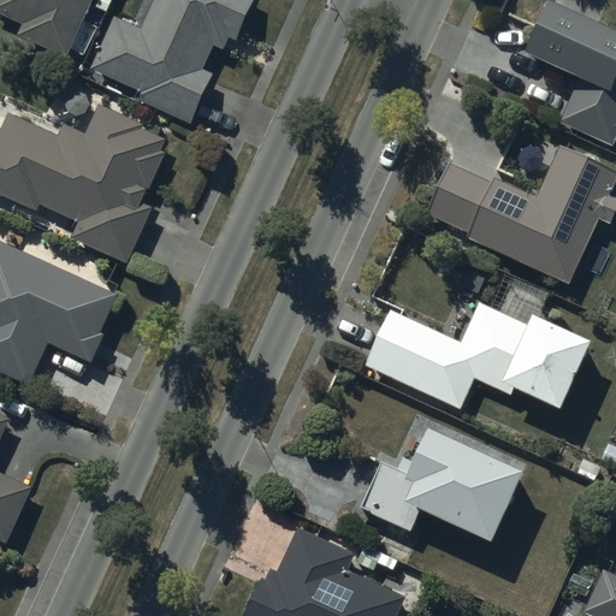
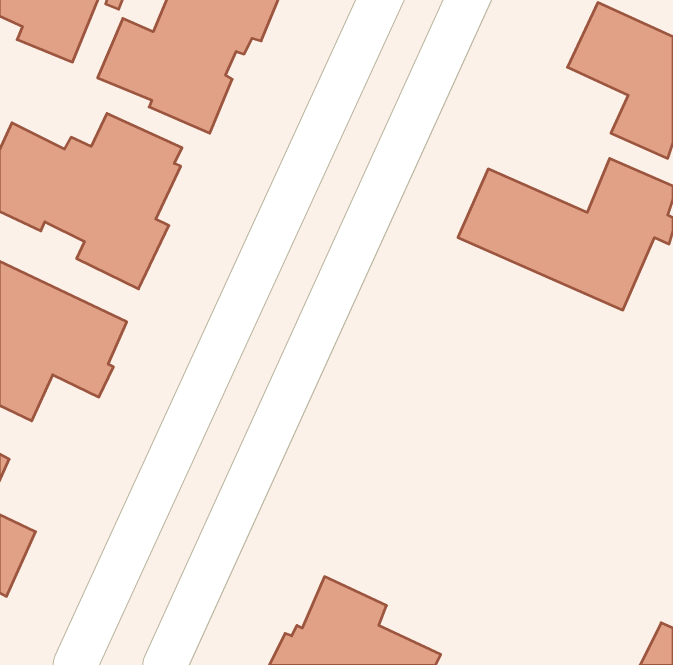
building: [365,298,590,416] -> none
building: [361,436,523,552] -> none

